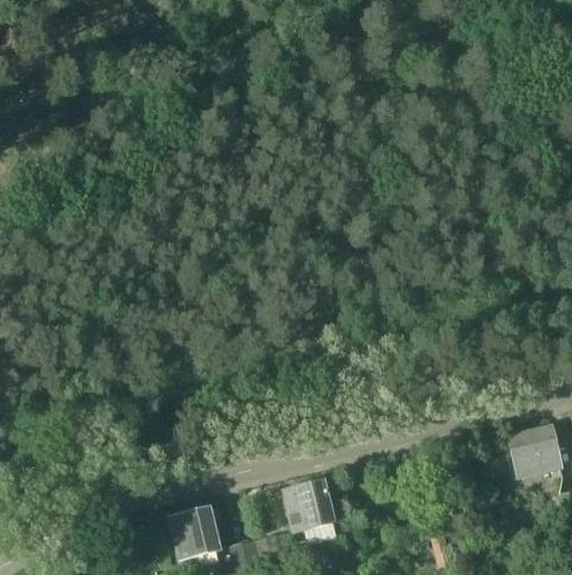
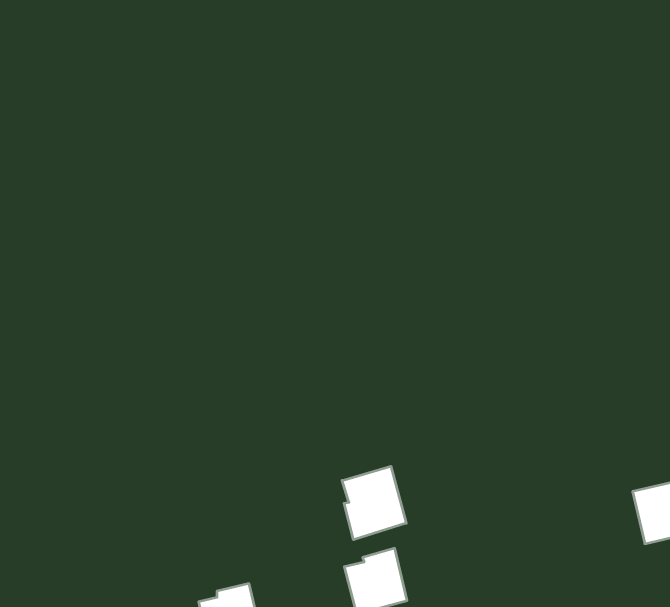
building: none -> [342,466,406,540]

